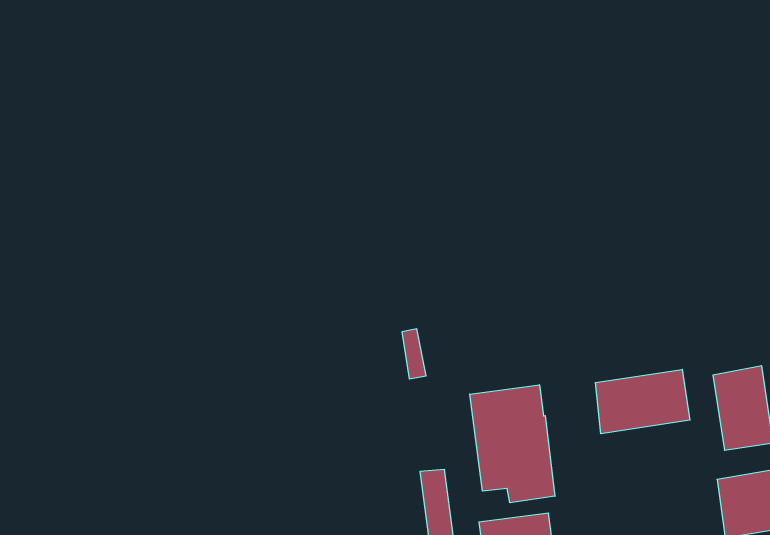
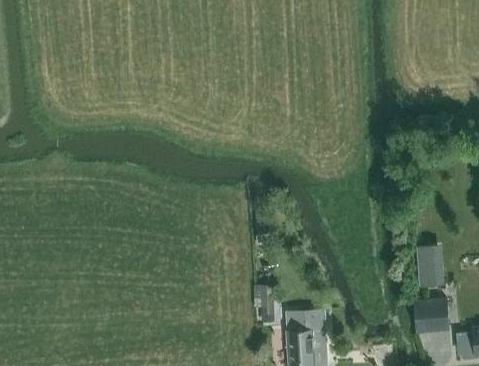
building: [595,369,690,434] -> none
building: [470,385,555,503] -> none

